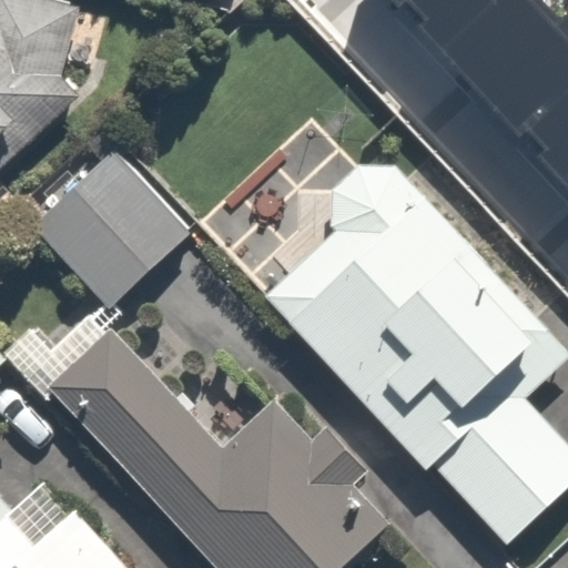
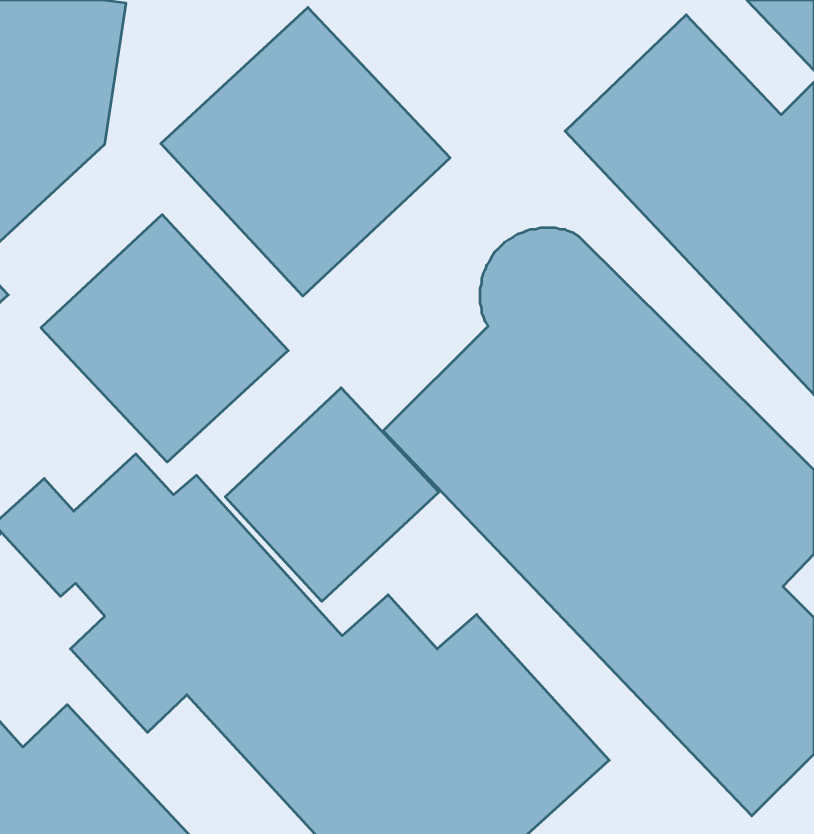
building: none -> [161,7,450,296]
building: none -> [225,388,439,601]

